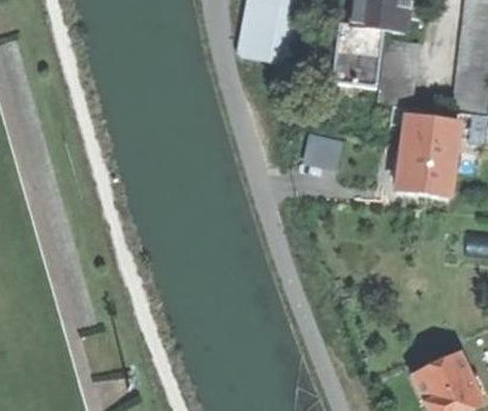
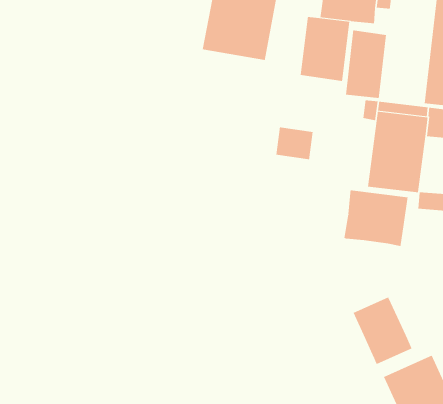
building: none -> [344,189,408,247]
building: none -> [353,297,412,365]

